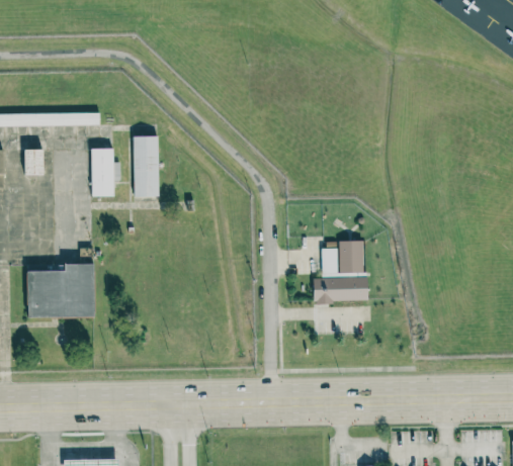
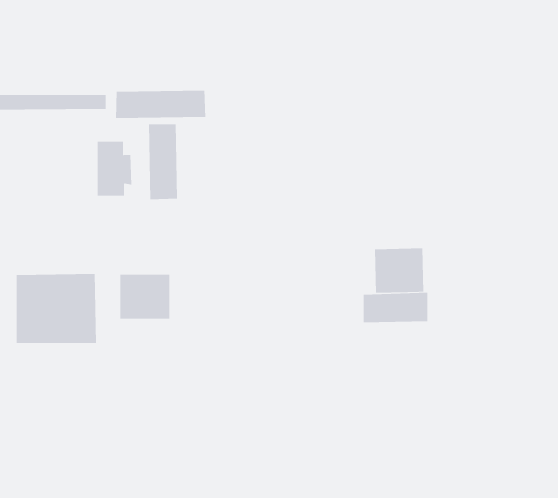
building: none -> [116,90,206,119]
building: [26,151,48,177] -> none
building: none -> [120,274,170,319]

